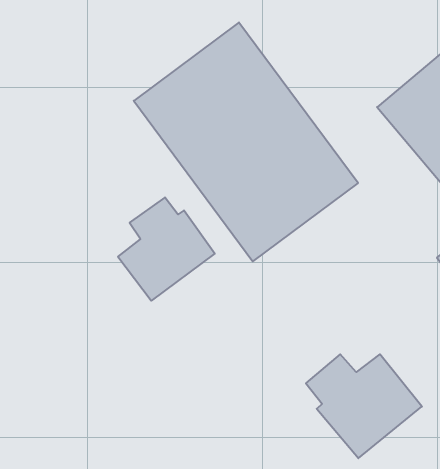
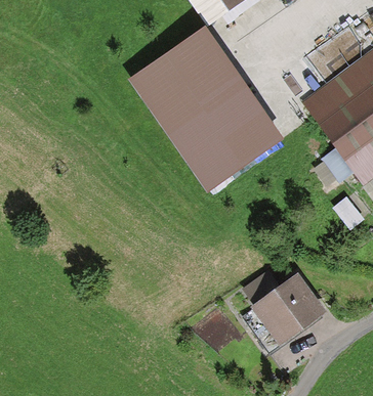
building: [118,197,215,301] -> none

